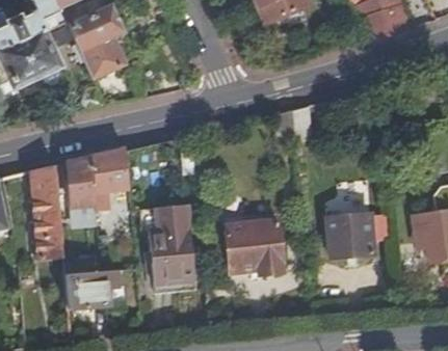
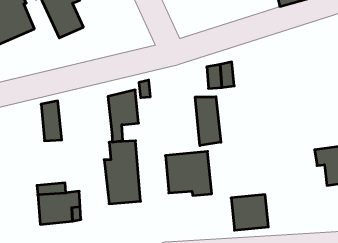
building: [89,147,128,213] -> [108,90,139,142]
building: none -> [195,97,221,146]
building: [30,164,62,254] -> none
building: [325,213,372,258] -> [231,195,268,230]

